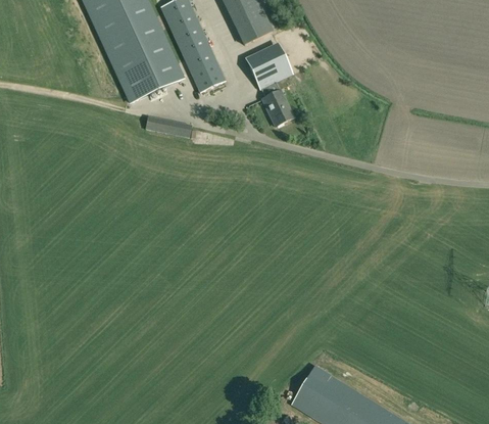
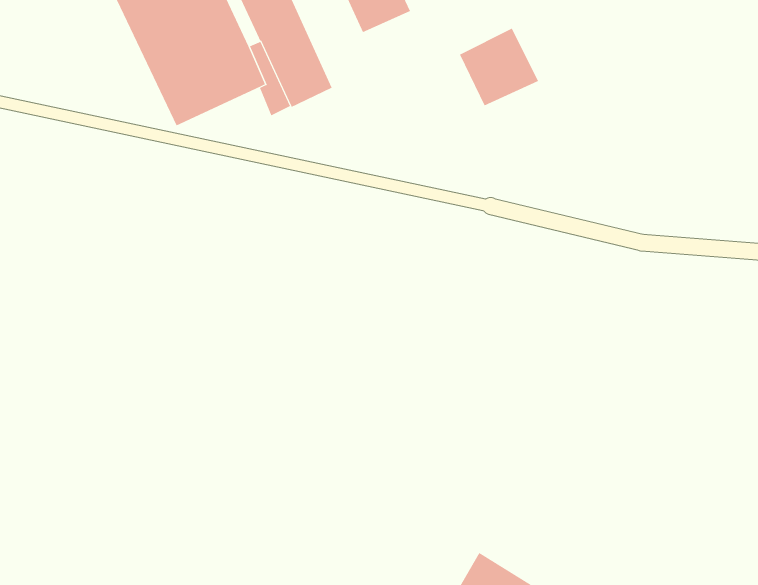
building: [244,41,293,89] -> [459,28,539,106]
building: [262,89,293,125] -> none

